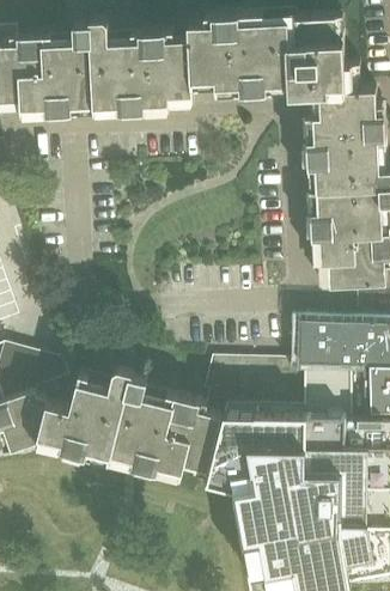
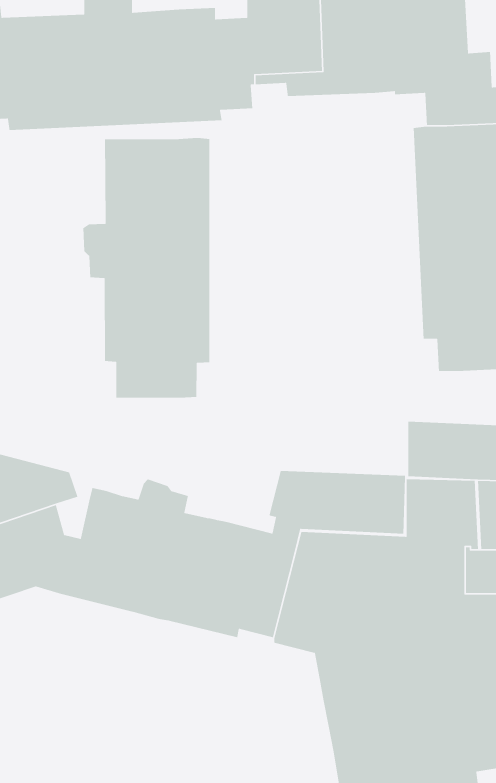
building: none -> [82,137,210,399]

